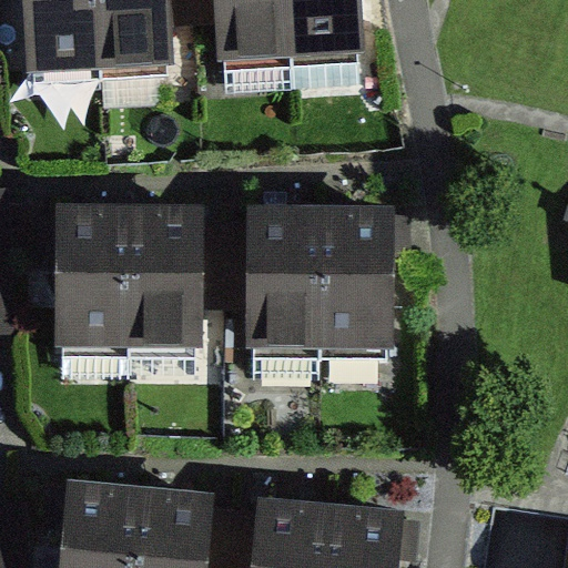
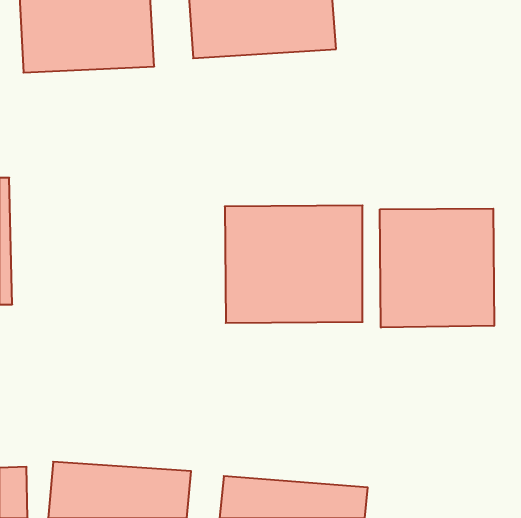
building: [54,222,204,349] -> none
building: none -> [380,209,494,328]

